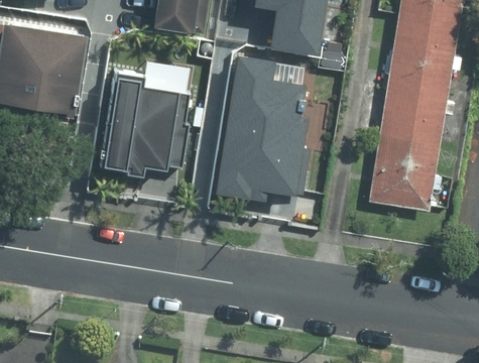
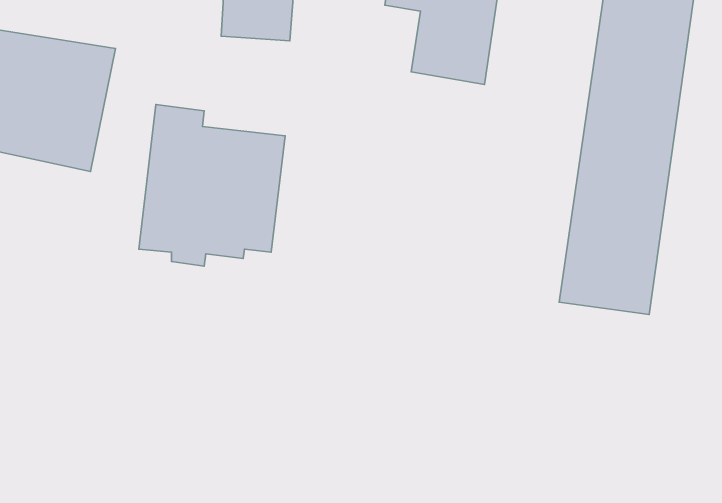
building: [215,55,317,202] -> none

